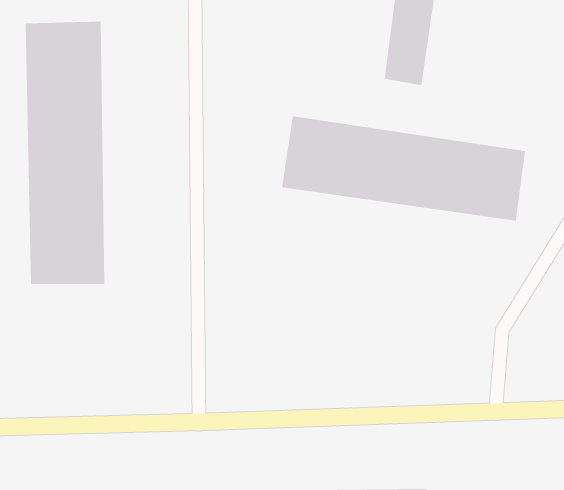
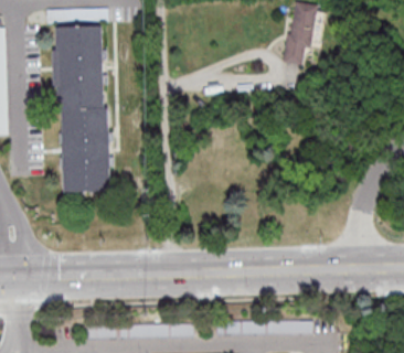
building: [281,115,526,221] -> none

